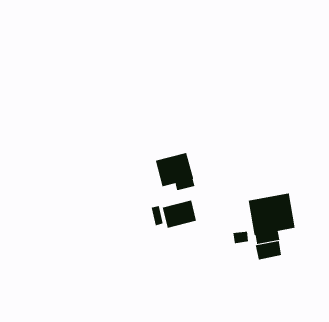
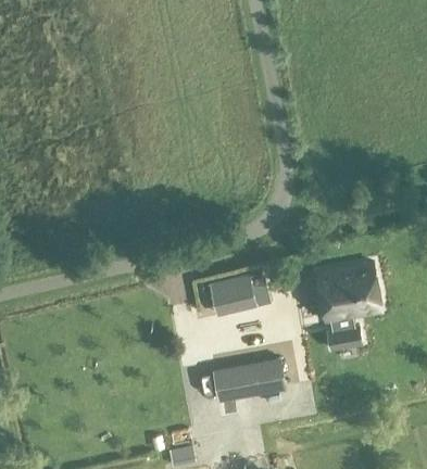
building: [155,152,195,191] -> none
building: none -> [214,362,286,403]

